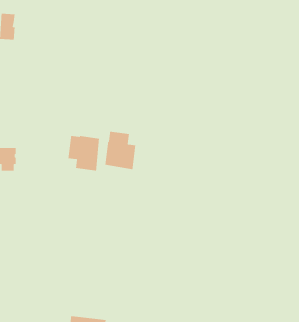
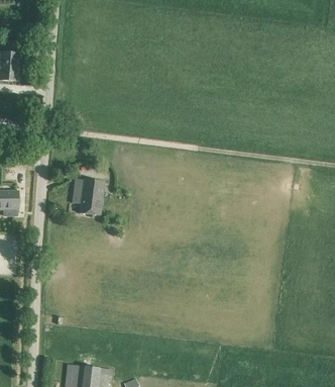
building: [105,131,136,170] -> none

